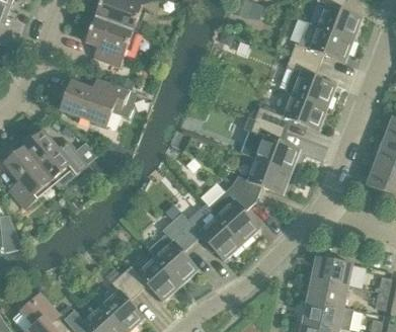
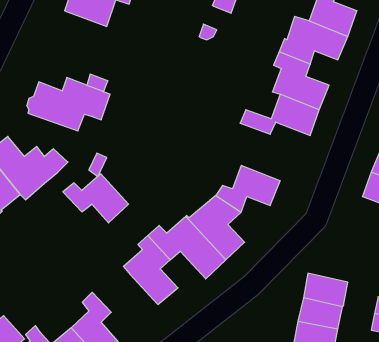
building: [85,16,133,66] -> none
building: [241,115,299,171] -> none
building: [120,256,179,301] -> [63,174,129,223]

